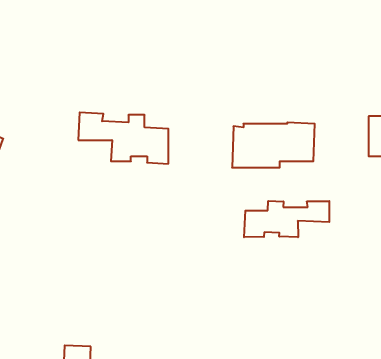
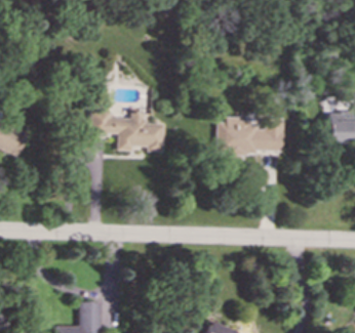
building: [244,201,329,237] -> none

